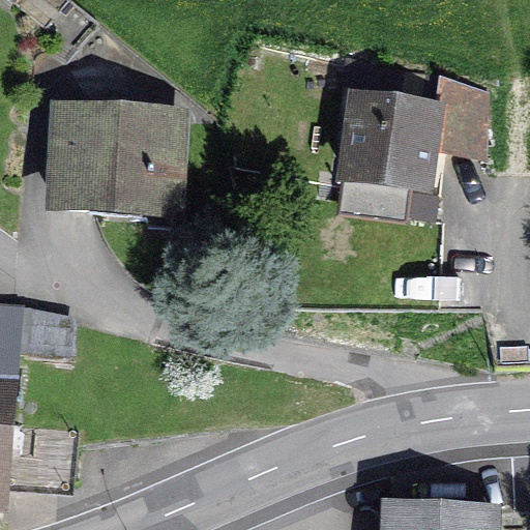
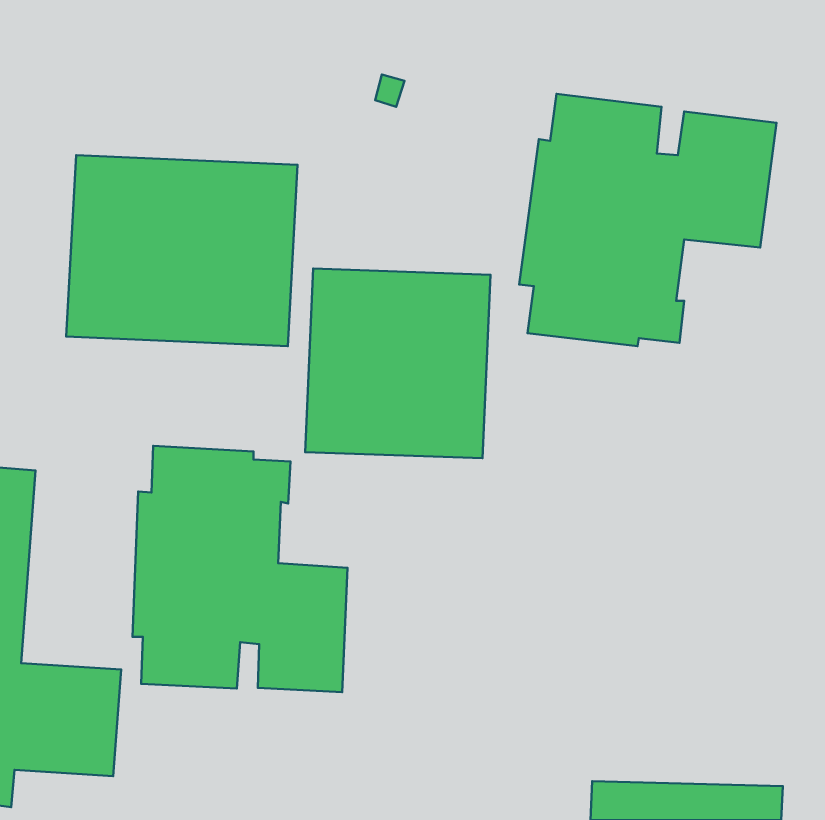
building: none -> [305,269,490,458]
building: none -> [132,446,347,692]

